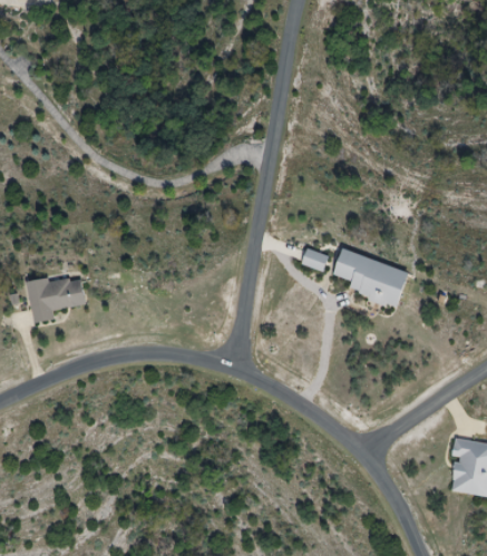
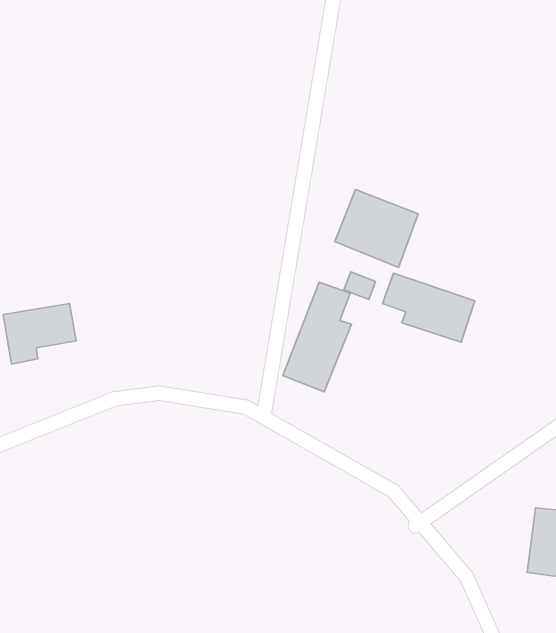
building: none -> [335,189,418,268]
building: none -> [283,282,351,392]

